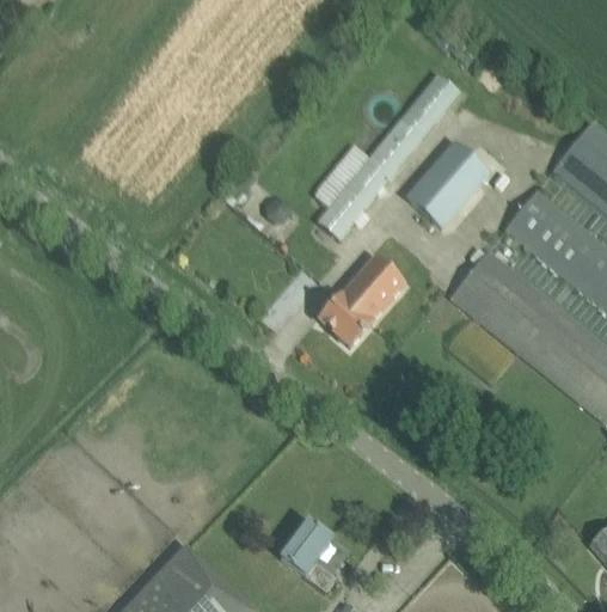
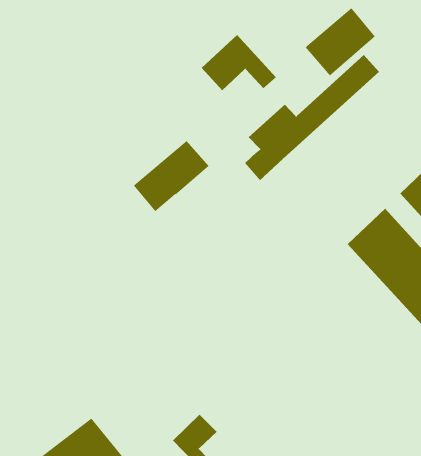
building: none -> [201,34,277,91]
building: [407,142,489,227] -> [305,7,376,77]
building: [320,256,406,345] -> [133,140,209,212]

